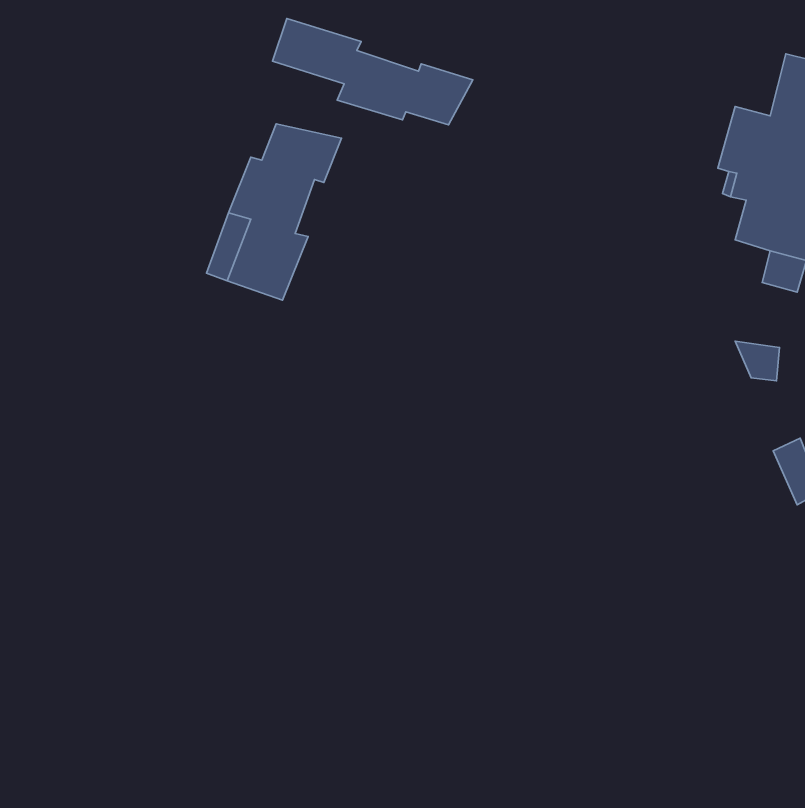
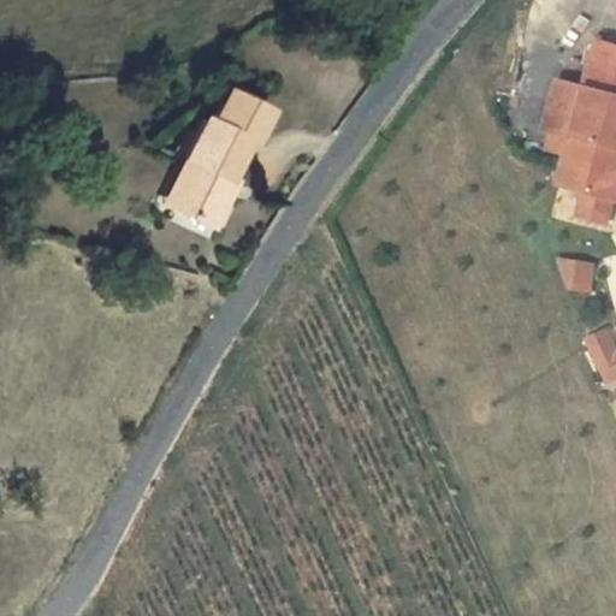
building: [272,19,473,125] -> none

